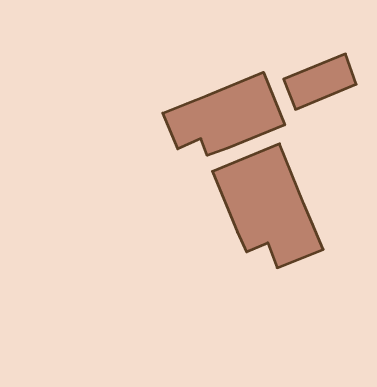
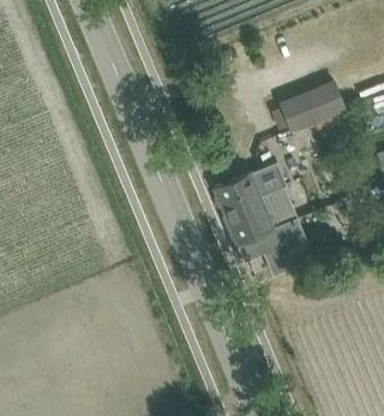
building: [163,72,285,155] -> none

